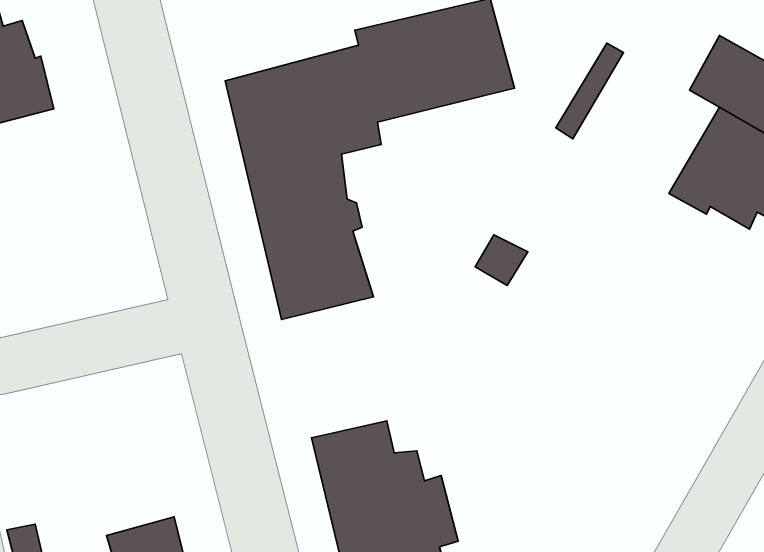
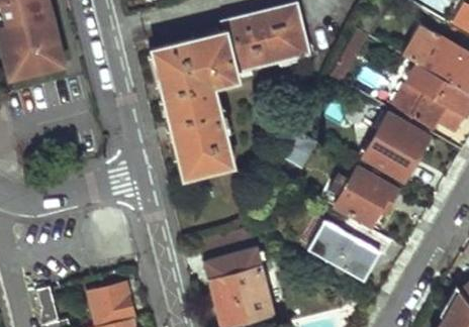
building: none -> [363,114,429,181]
building: none -> [337,169,398,225]
building: none -> [308,221,392,281]

